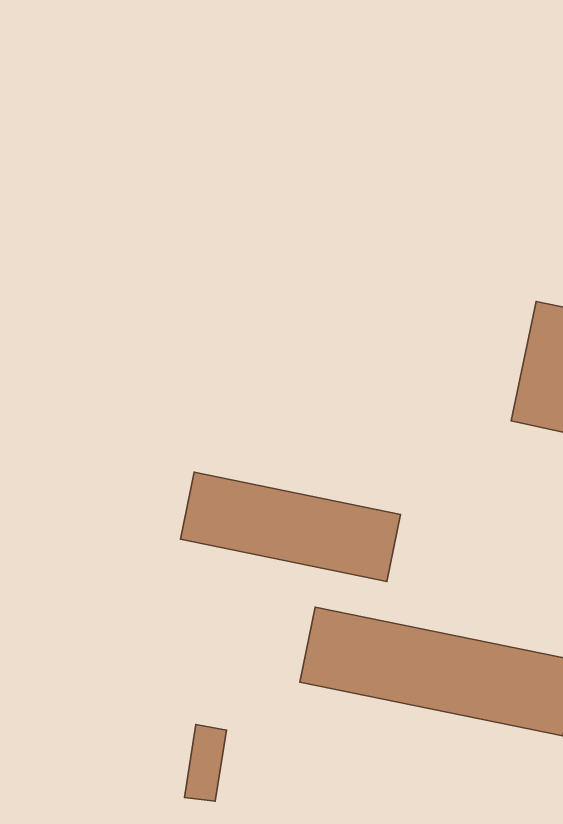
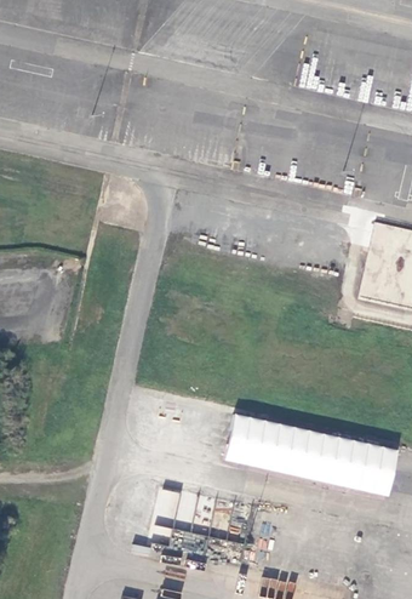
building: [180,472,400,581] -> none

